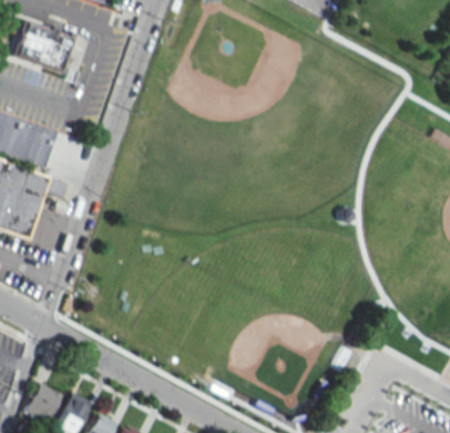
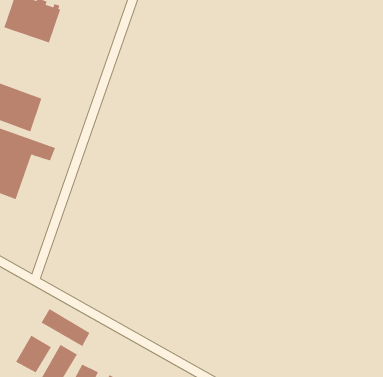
building: none -> [41,308,90,347]

